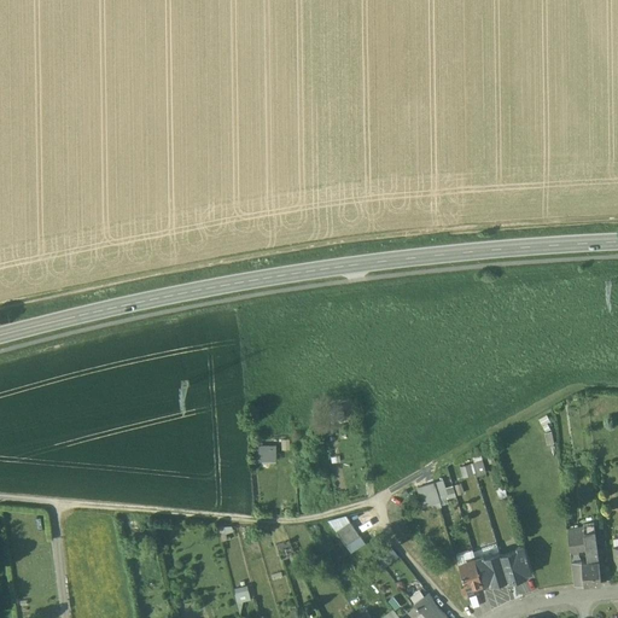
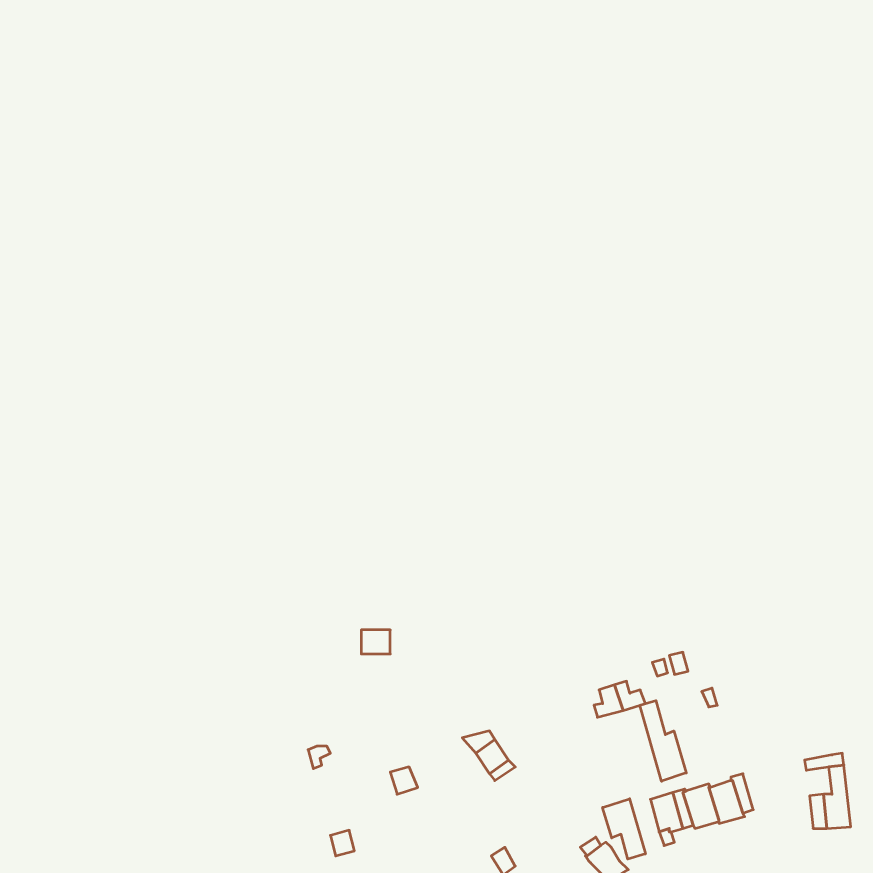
building: none -> [640,701,686,781]
building: none -> [603,799,645,859]

